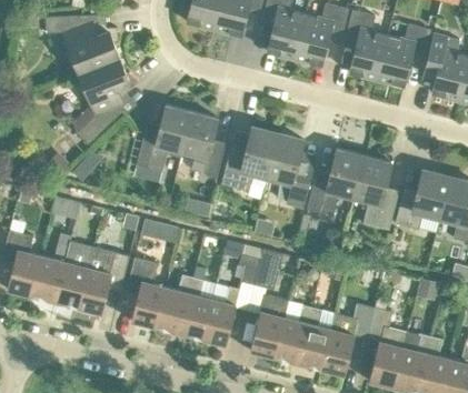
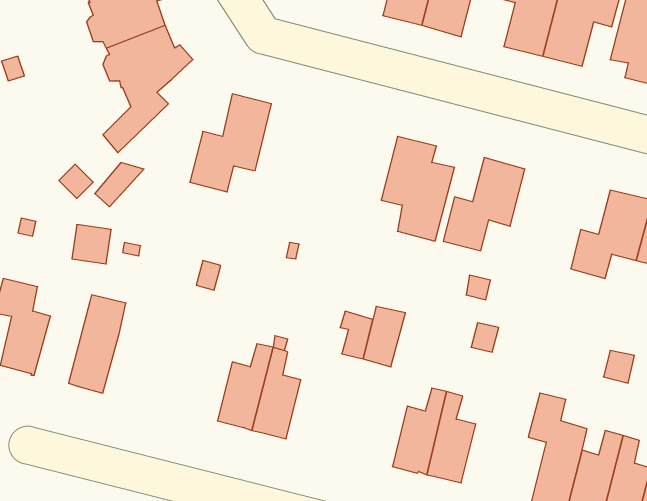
building: [181,111,223,177] -> none
building: [221,127,277,190] -> none
building: [354,155,397,225] -> none
building: [30,243,68,301] -> none
building: [77,250,129,313] -> none
building: [127,256,165,326] -> none
building: [201,286,239,344] -> none
building: [249,295,288,357] -> none
building: [320,303,374,374] -> none

